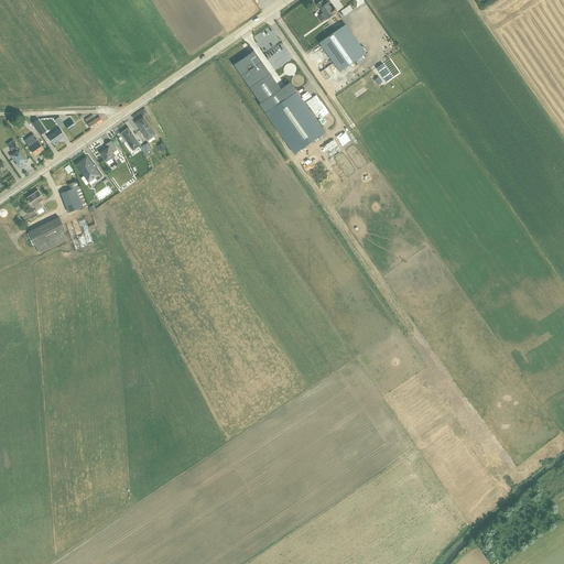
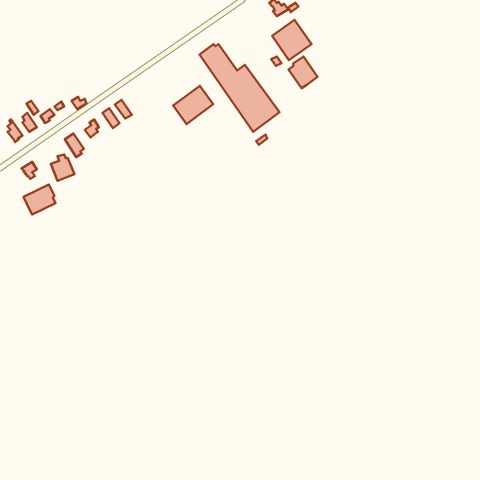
building: none -> [288,56,318,88]
building: none -> [173,86,213,124]

